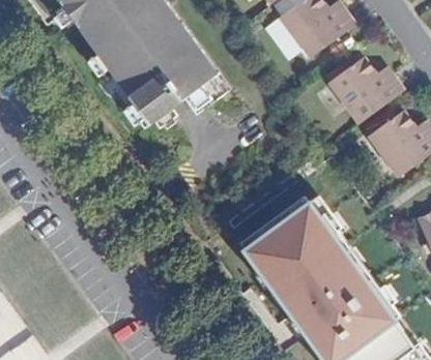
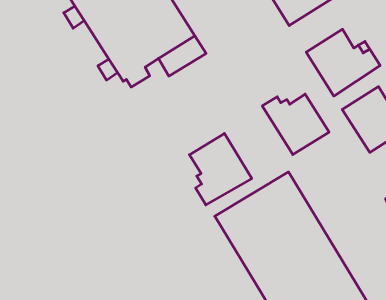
building: none -> [262,94,329,155]
building: none -> [189,133,252,205]

